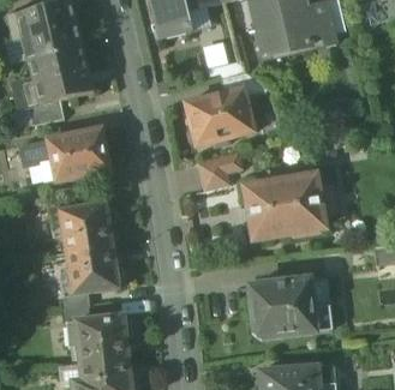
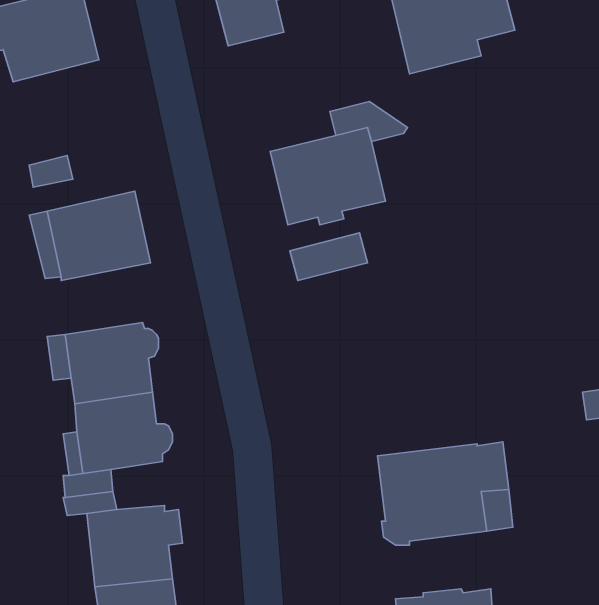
building: [29,47,92,106] -> none
building: [245,172,323,238] -> none

